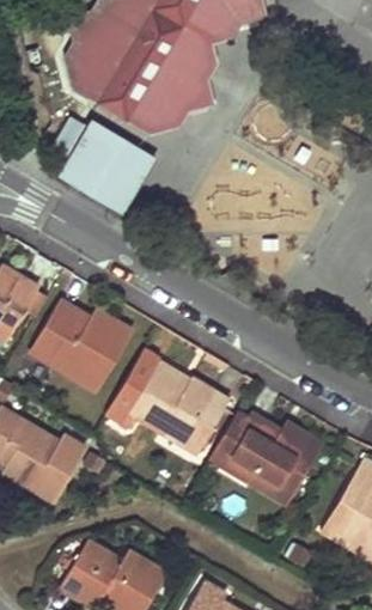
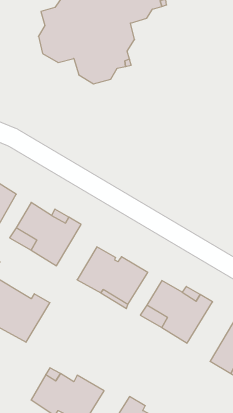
building: [57,120,155,214] -> none

